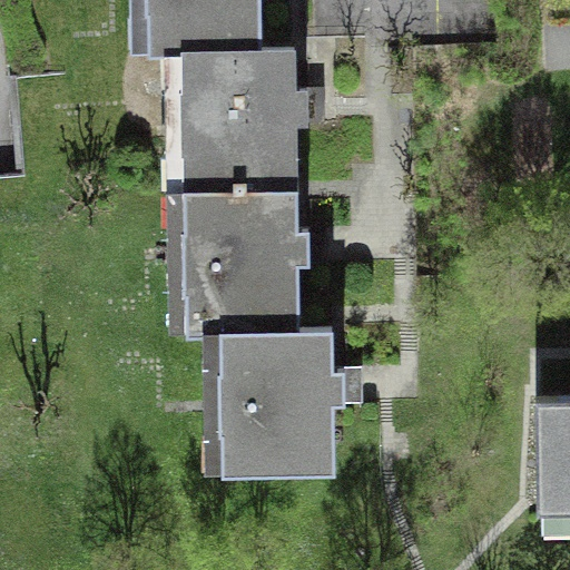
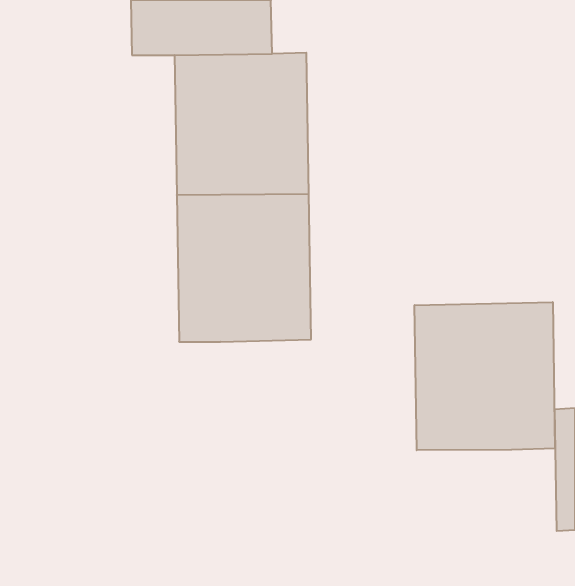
building: none -> [415,302,555,450]
building: [214,330,335,479] -> none

